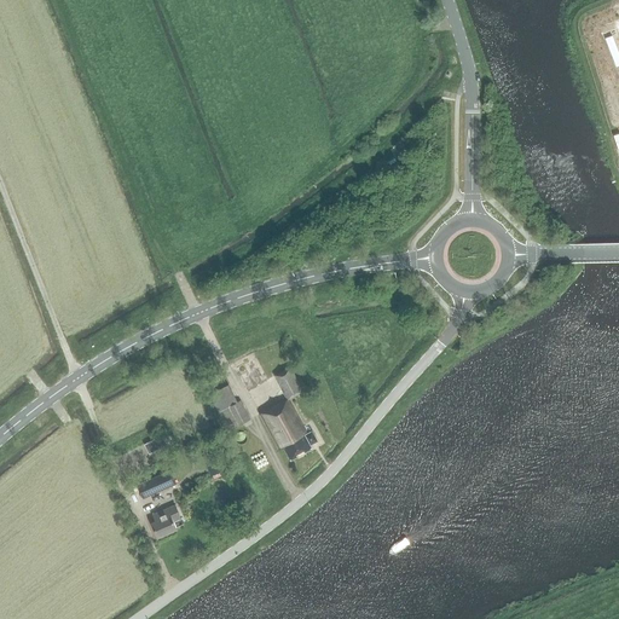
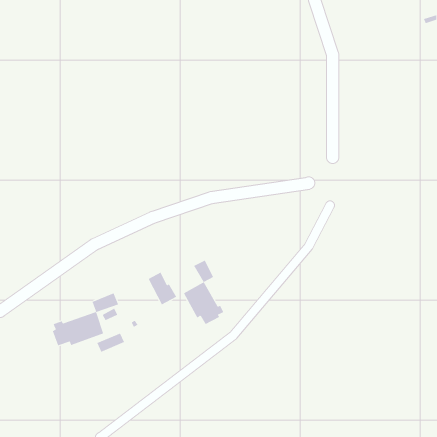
building: none -> [52,293,119,346]
building: [151,505,180,537] -> none

